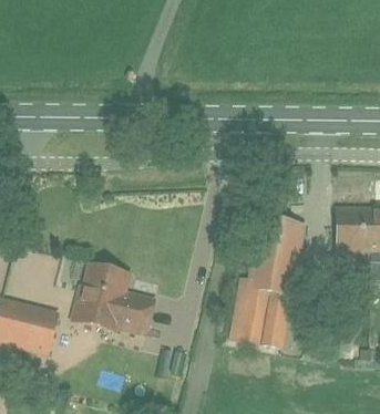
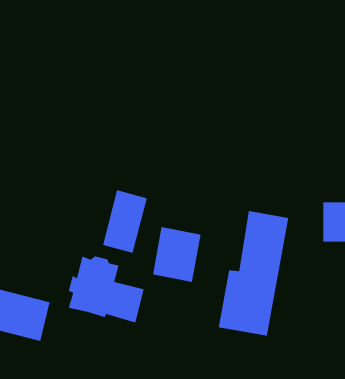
building: none -> [102,189,148,254]
building: none -> [152,226,201,283]

